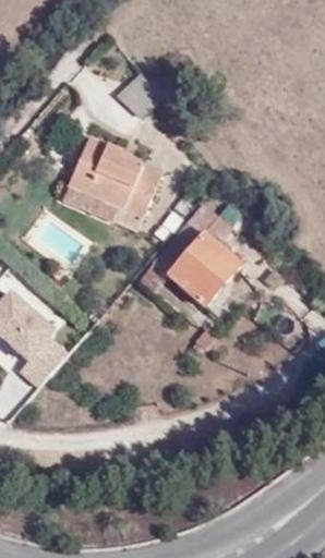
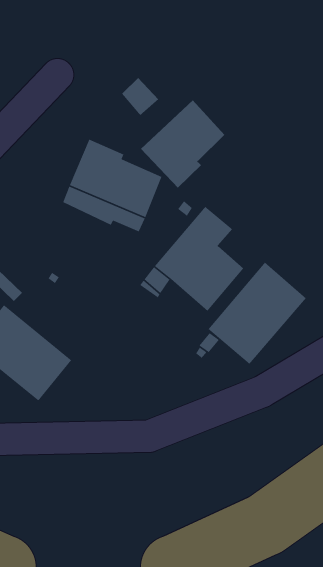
building: none -> [140,100,225,188]
building: none -> [208,261,307,365]

